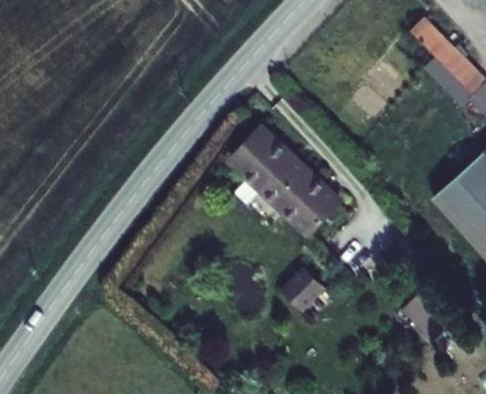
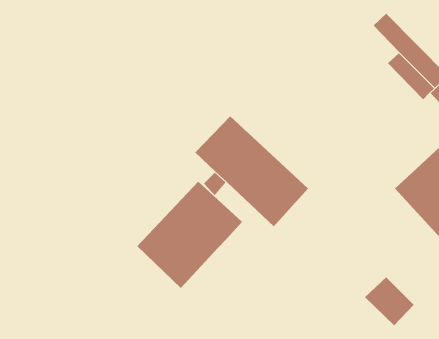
building: none -> [136,181,243,289]
building: [281,268,328,315] -> none

